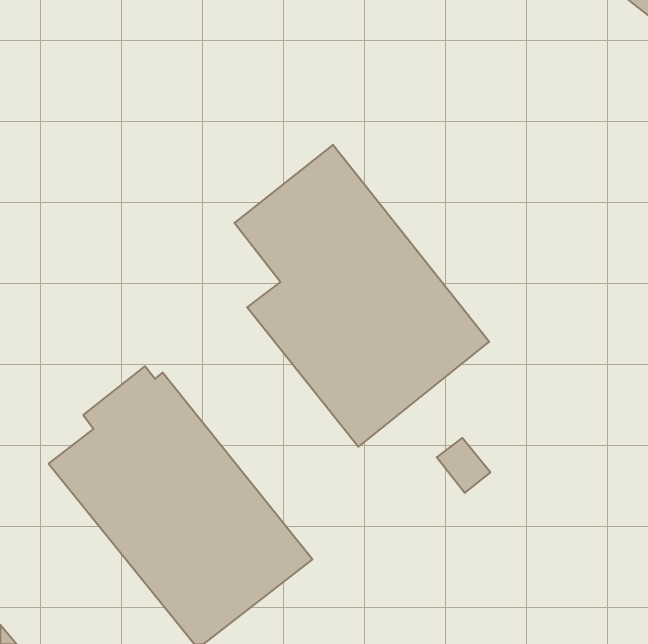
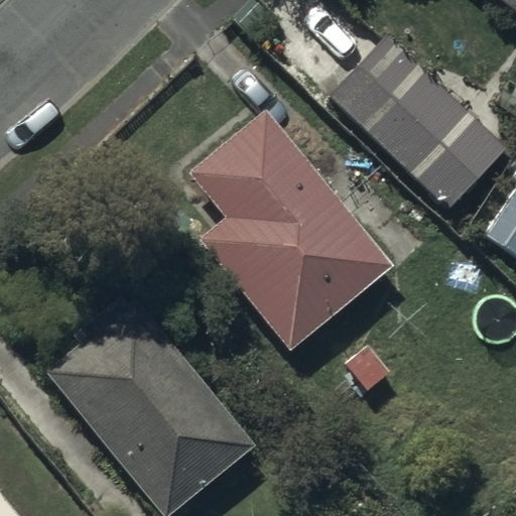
building: none -> [331,35,509,210]

